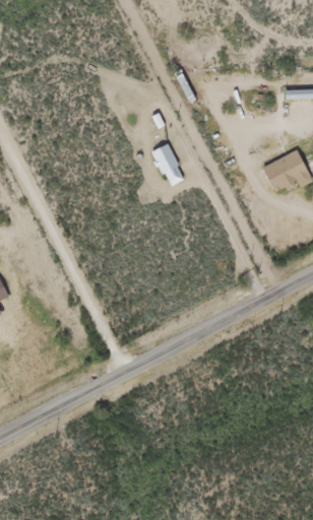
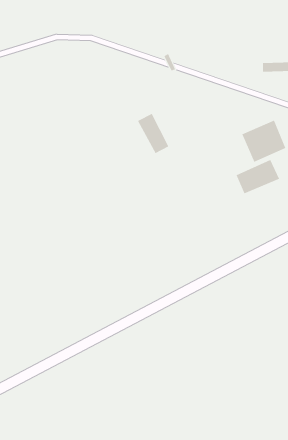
building: none -> [236,159,280,194]

